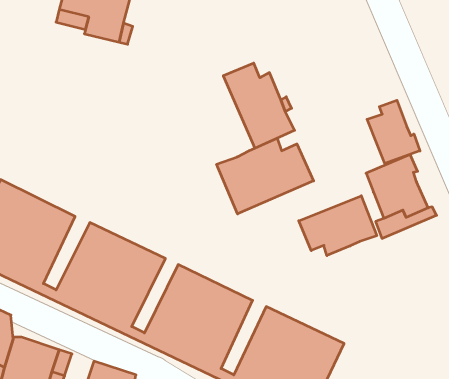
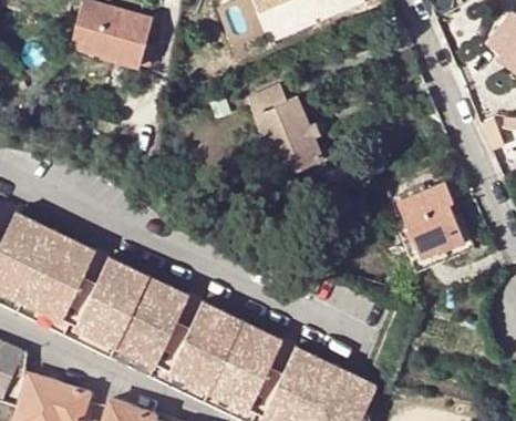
building: [367,100,420,164] -> none
building: [217,138,314,214] -> none
building: [299,196,377,256] -> none

